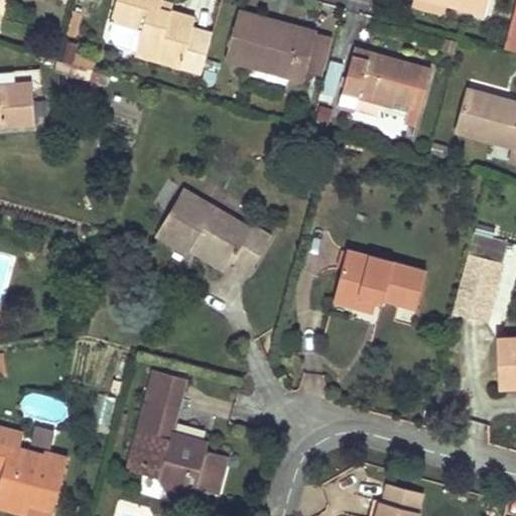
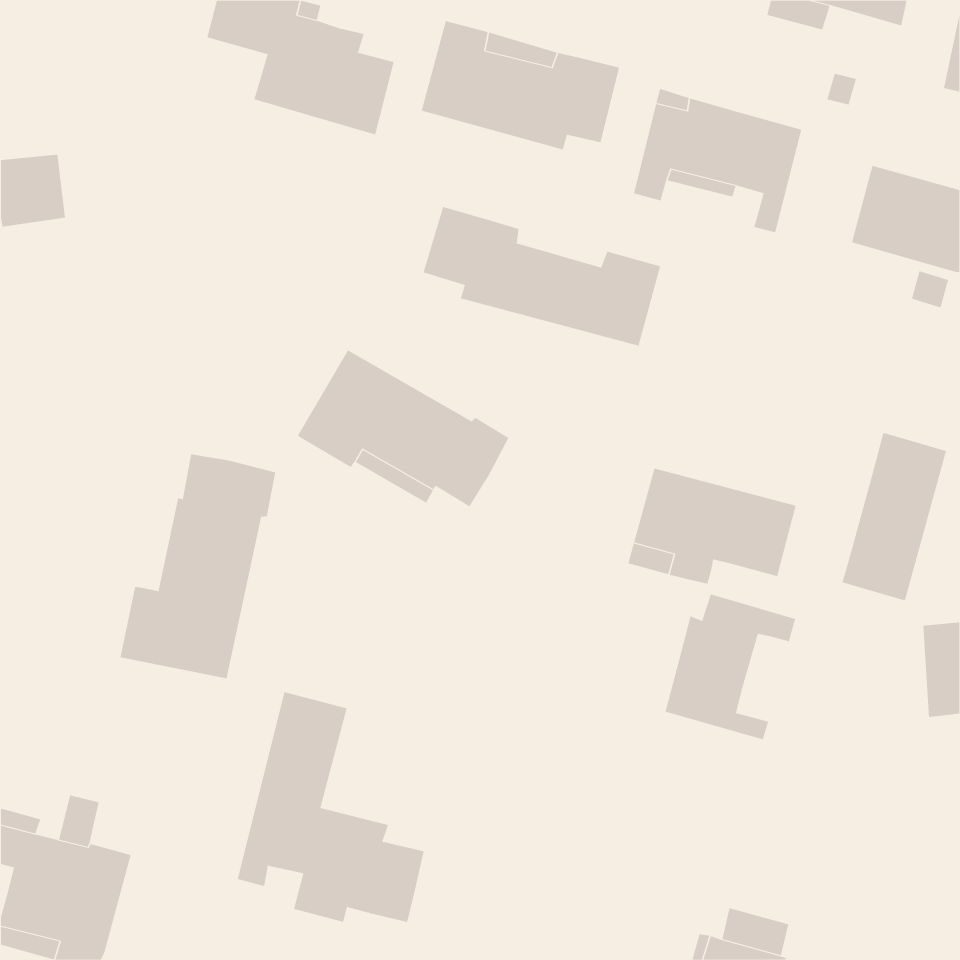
building: none -> [423,206,661,347]
building: none -> [120,454,276,679]
building: none -> [665,594,796,740]

